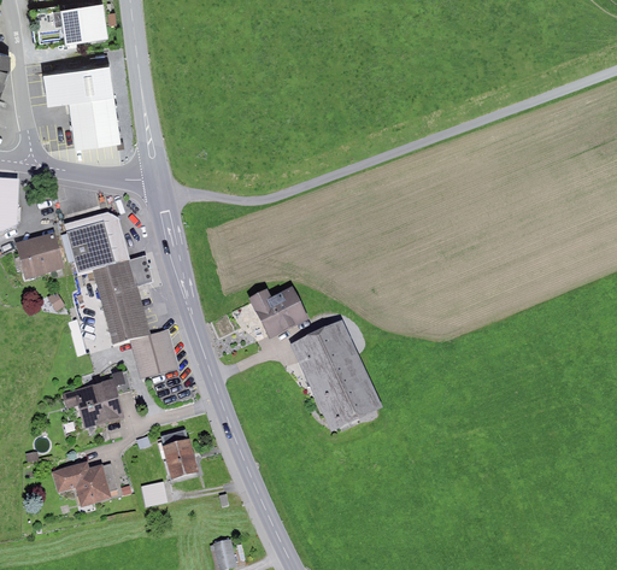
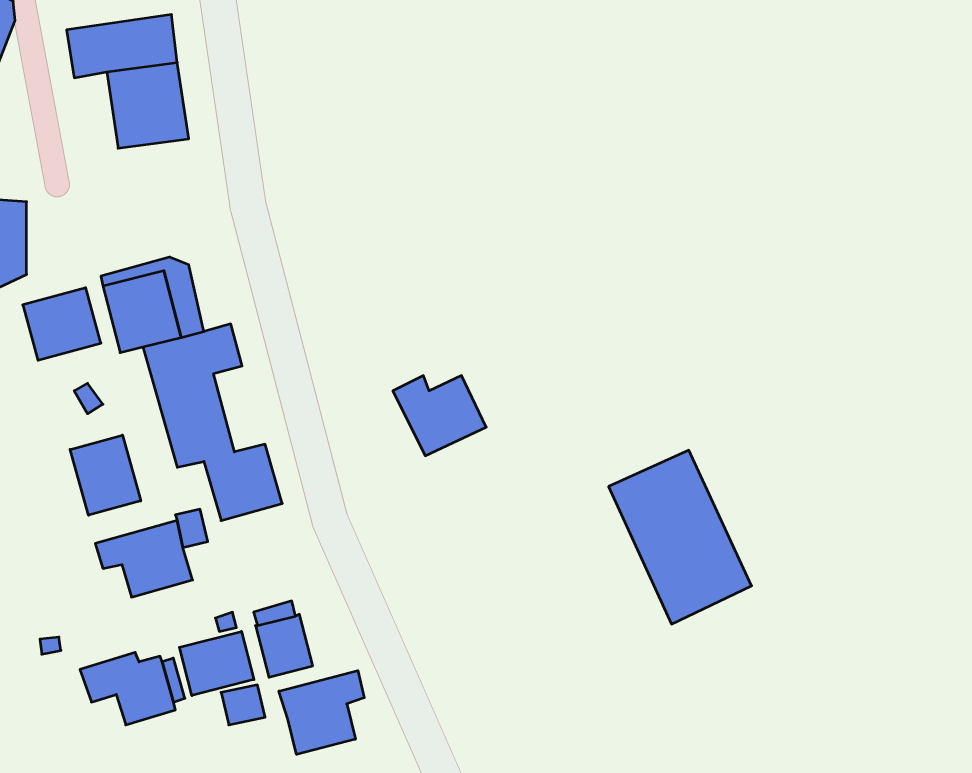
building: [290,322,381,431] -> [609,450,752,624]
building: none -> [70,435,141,515]
building: none -> [179,631,254,696]
building: none -> [279,671,364,754]

